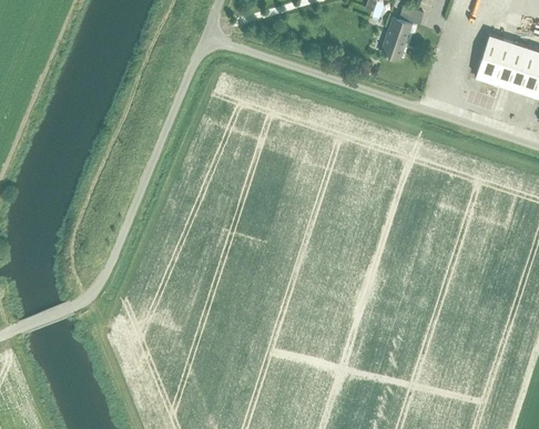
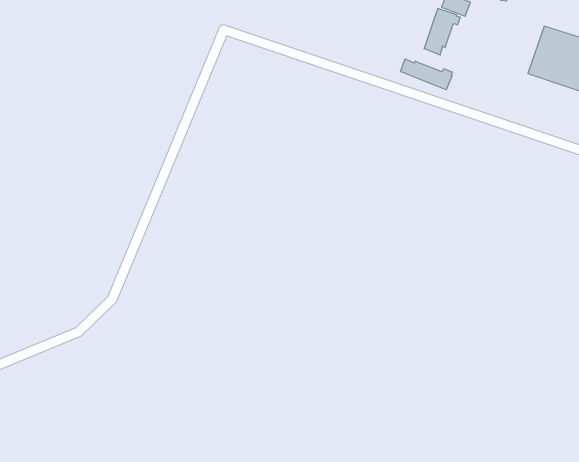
building: none -> [401,59,452,90]

